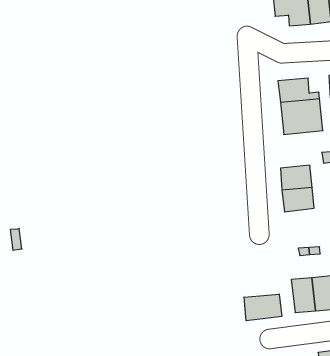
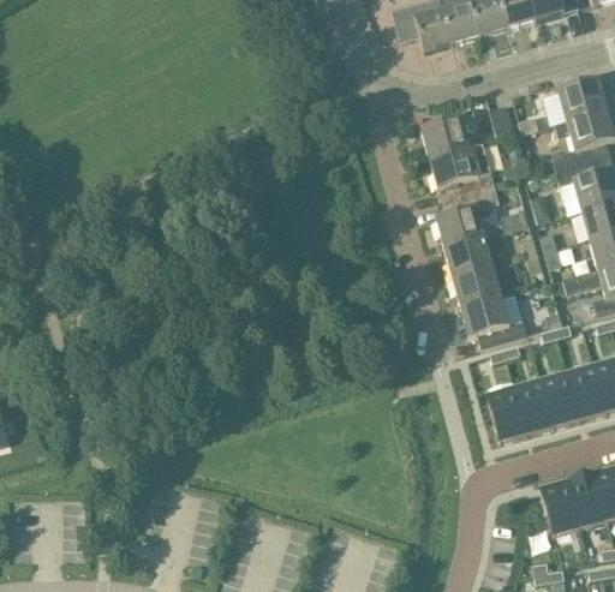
building: none -> [437,185,498,246]
building: none -> [461,293,509,336]
building: [244,294,282,321] -> none

